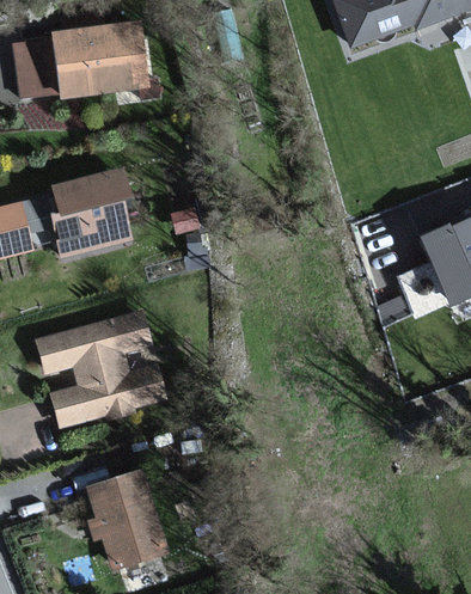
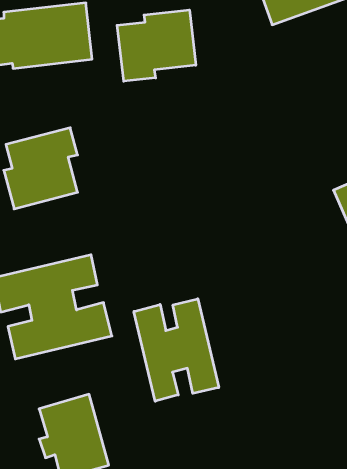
building: none -> [117,10,196,81]
building: none -> [134,299,219,401]

